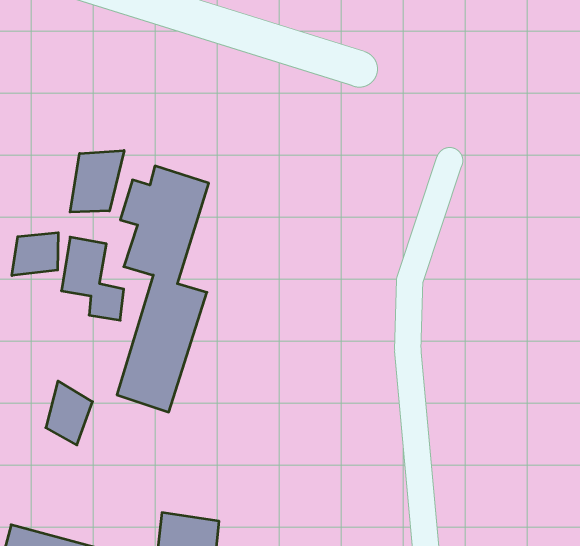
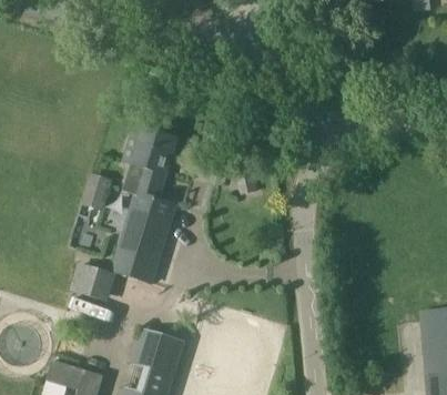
building: [70,150,124,212] -> none
building: [12,233,58,276] -> none

